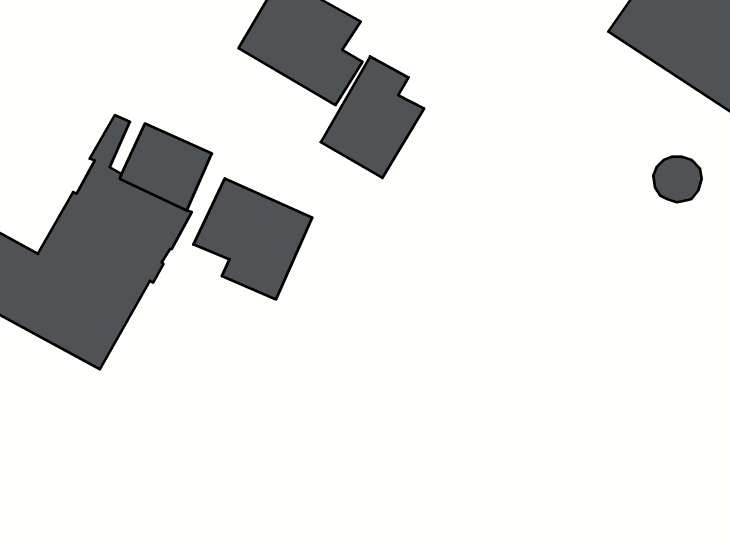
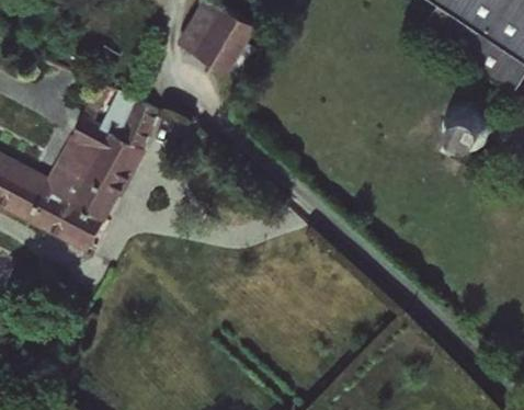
building: [321,56,424,178] -> none
building: [193,178,312,299] -> none

